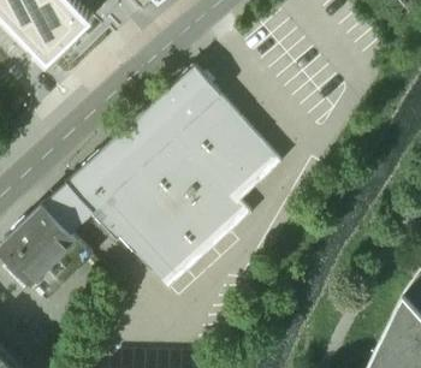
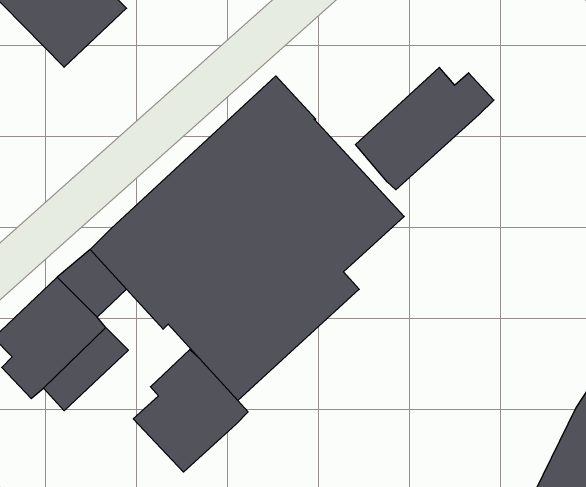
building: none -> [355,67,494,190]
building: none -> [133,349,248,472]

